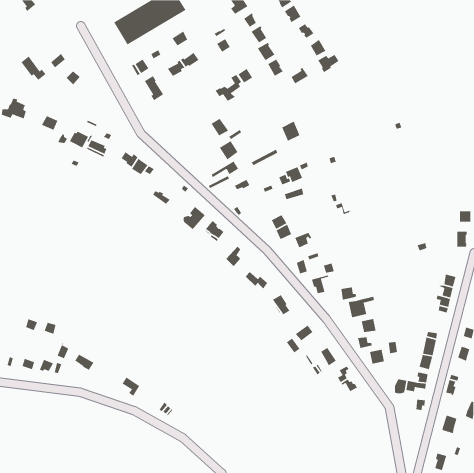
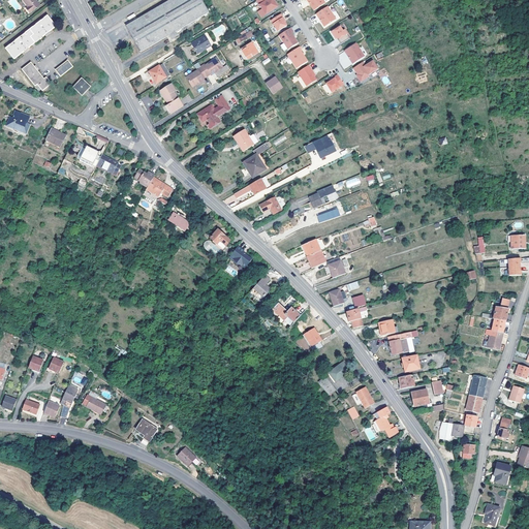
building: none -> [6,14,57,60]
building: [214,74,242,102] -> [197,95,228,126]

